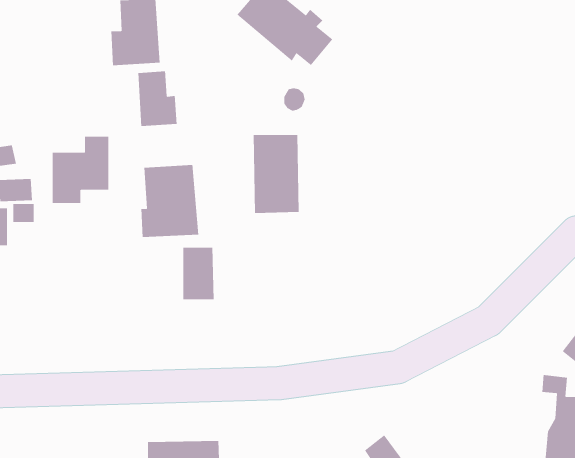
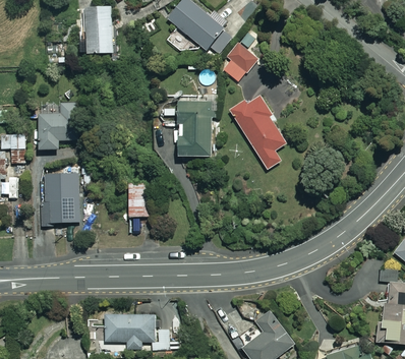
building: none -> [223,44,256,81]
building: [138,70,177,127] -> none
building: none -> [230,98,286,170]
building: [140,164,199,238] -> [42,173,82,224]

